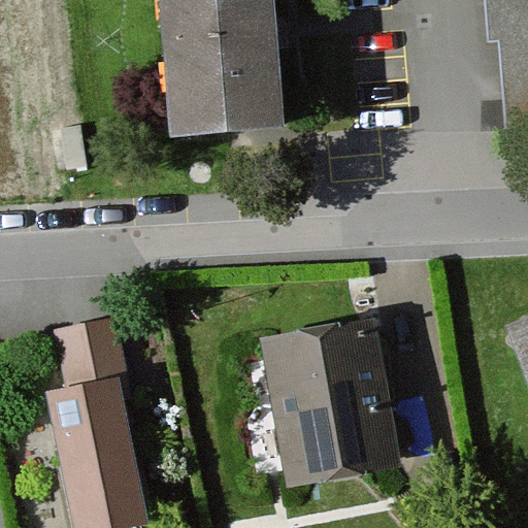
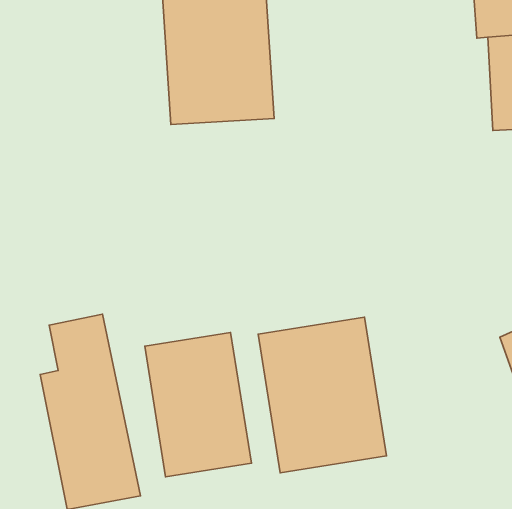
building: none -> [145,333,251,477]

